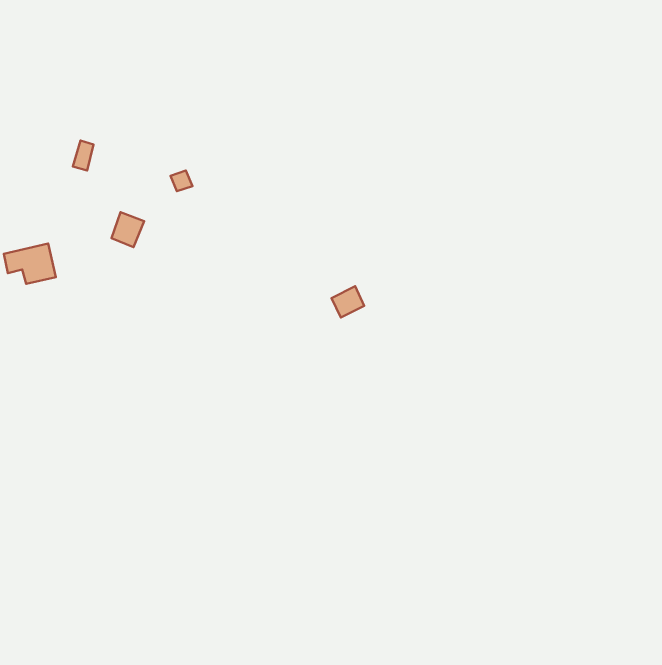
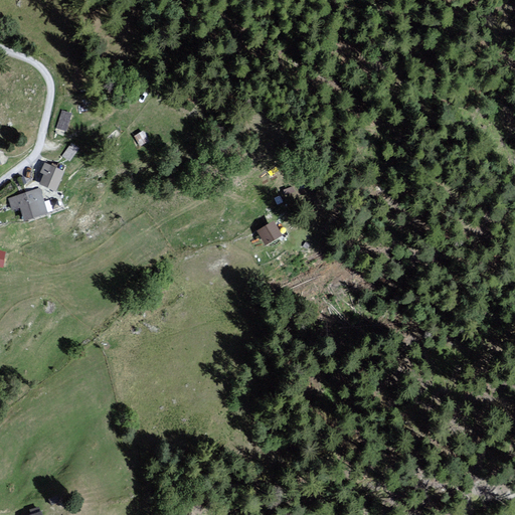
building: [111,212,144,247] -> [37,164,62,191]

